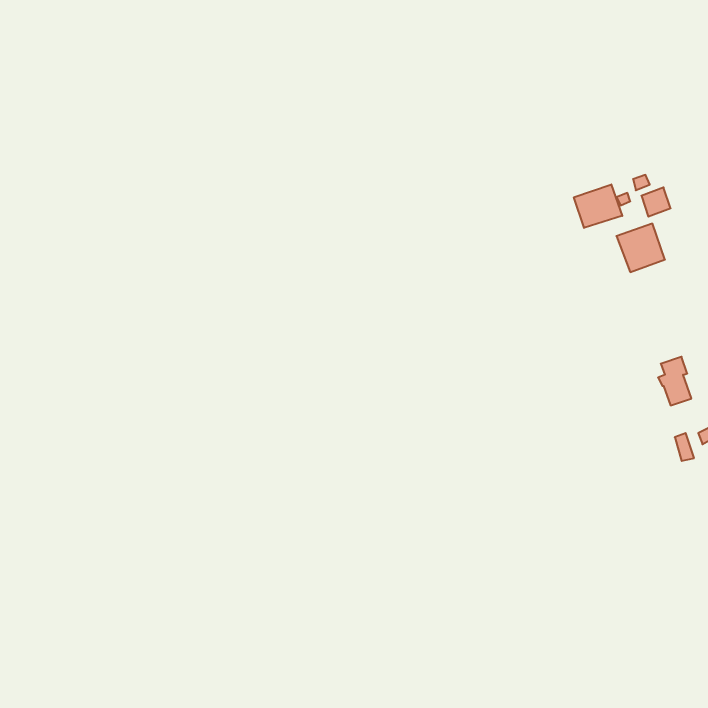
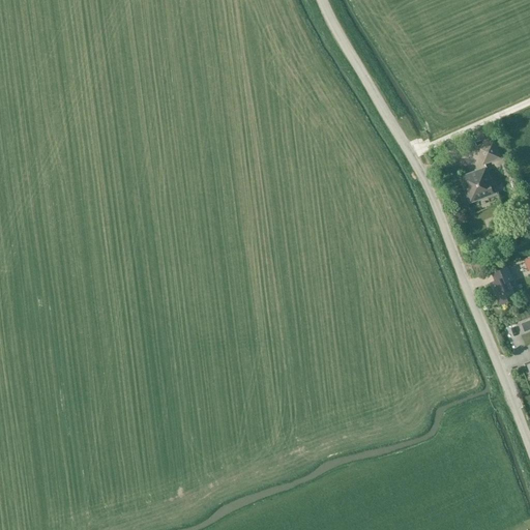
building: [574,184,622,228] -> none

